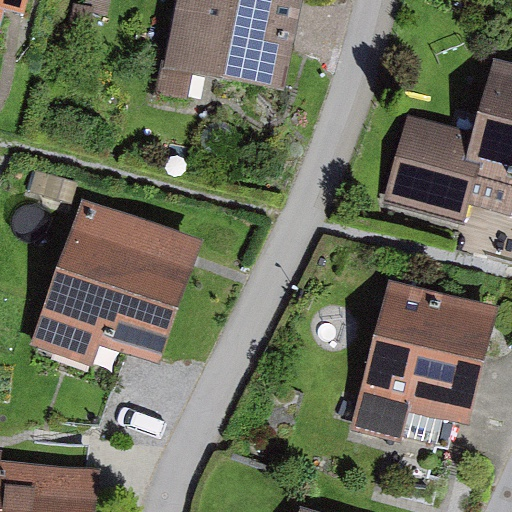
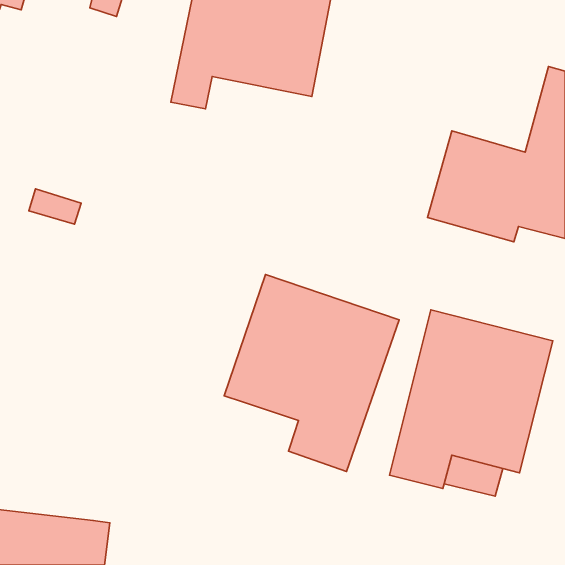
building: [34,203,197,361] -> none
building: none -> [224,275,399,471]

